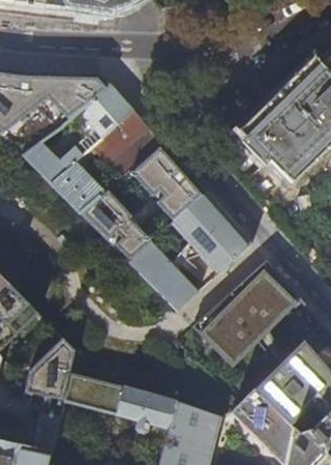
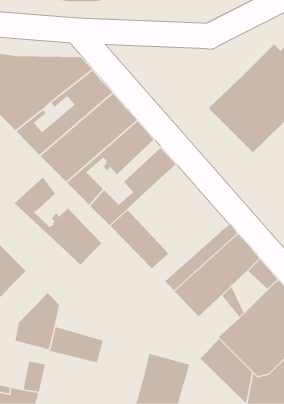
building: [159,193,250,285] -> none
building: none -> [14,177,102,265]
building: [116,389,174,434] -> none

